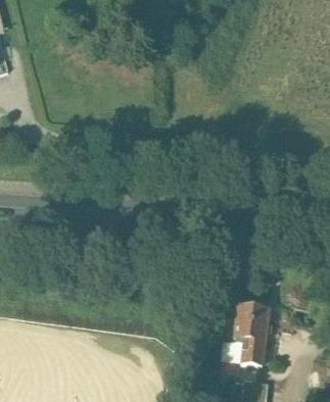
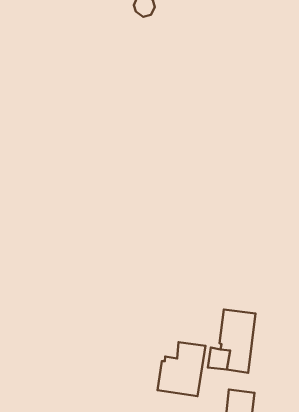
building: none -> [157,342,205,396]

